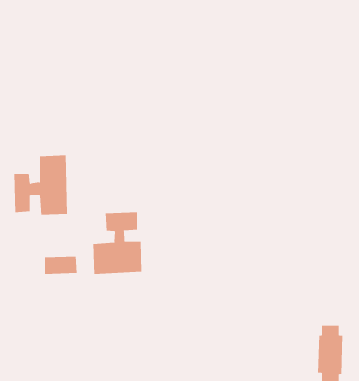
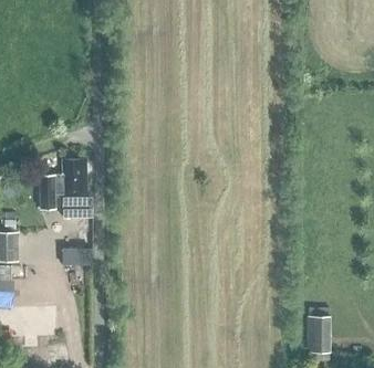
building: [93,212,142,275] -> none

